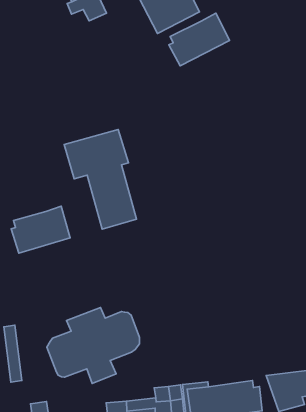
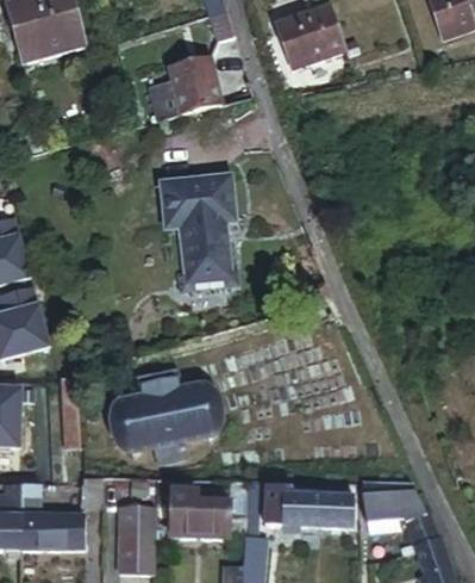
building: [169,13,229,66] -> none
building: none -> [146,49,220,116]
building: [11,206,70,253] -> none

